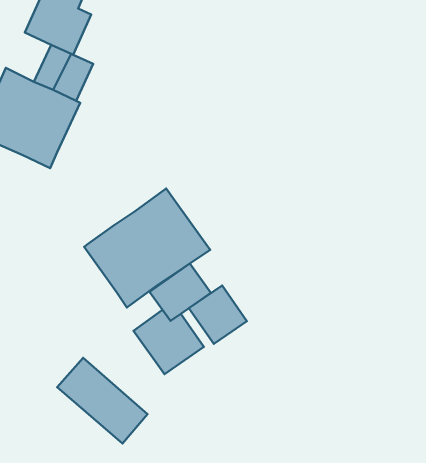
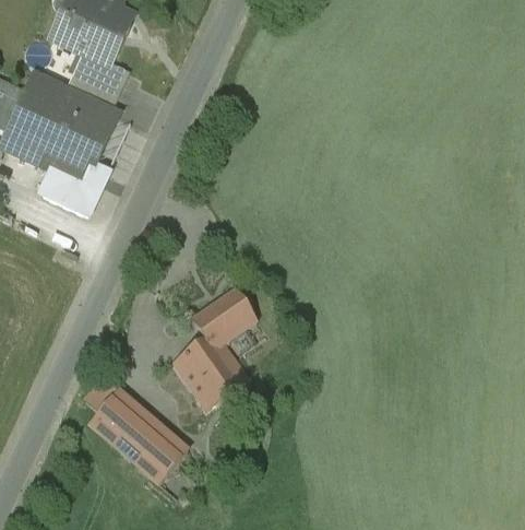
building: none -> [43,166,107,214]
building: [84,188,210,307] -> none
building: [189,286,247,344] -> none

